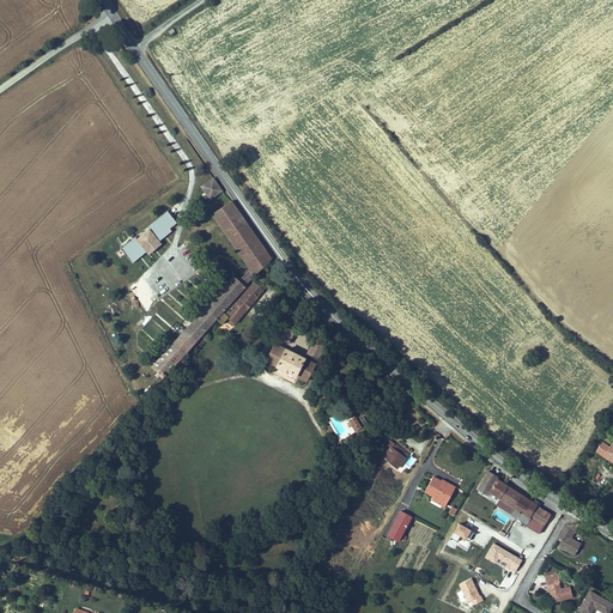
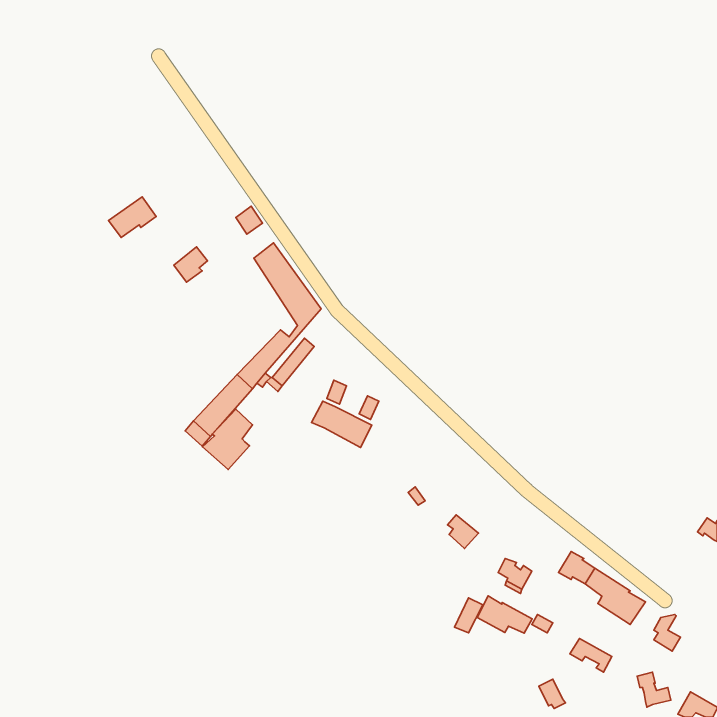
building: [121,229,162,263] -> [108,197,156,237]
building: none -> [203,409,253,469]
building: none -> [477,596,532,633]

